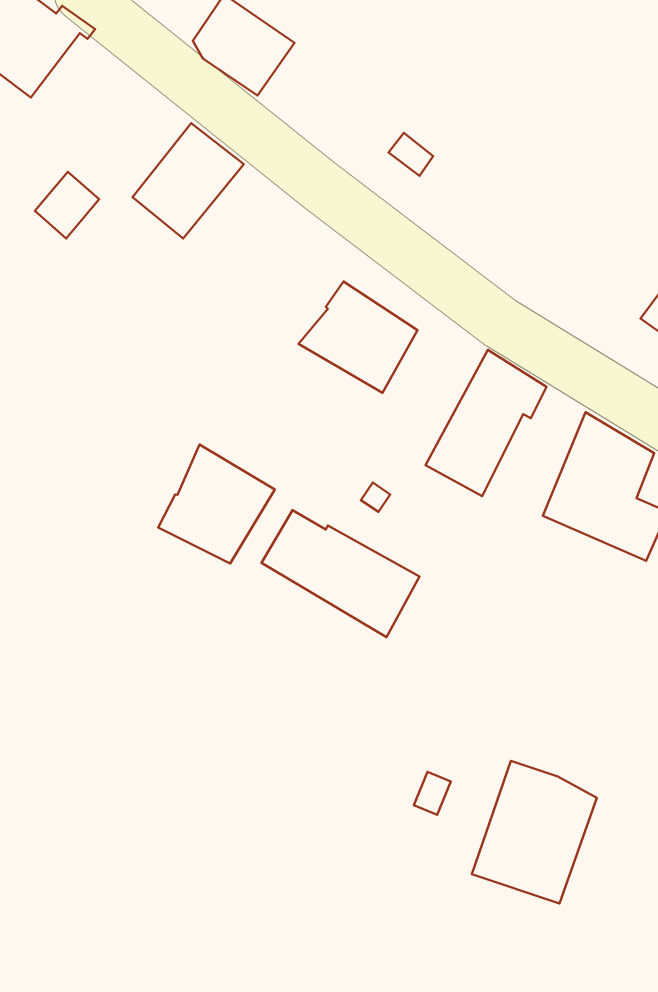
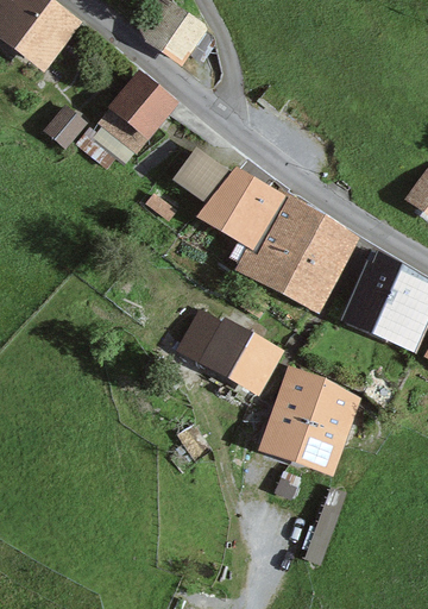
building: none -> [176,153,225,201]
building: none -> [243,192,319,285]
building: [158,445,275,563] -> none
building: [472,761,597,903] -> [270,375,346,462]

